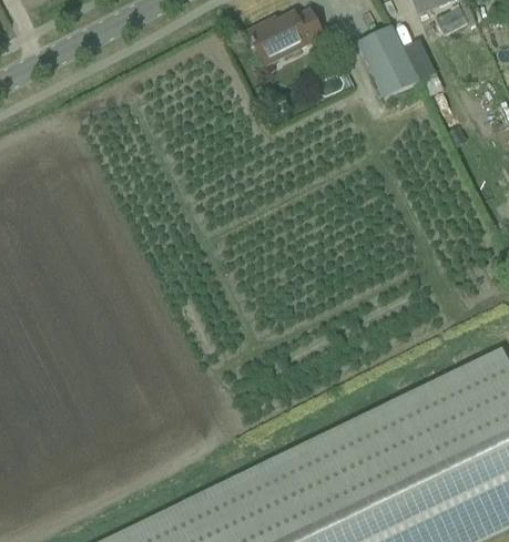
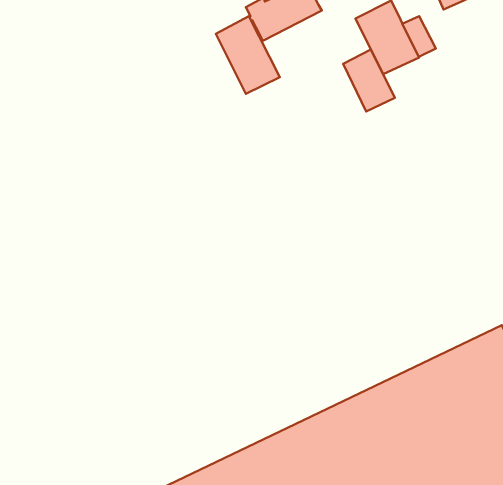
building: none -> [216,16,280,94]
building: none -> [343,49,395,112]

